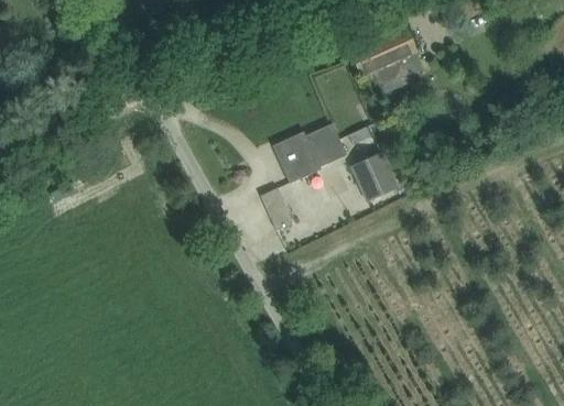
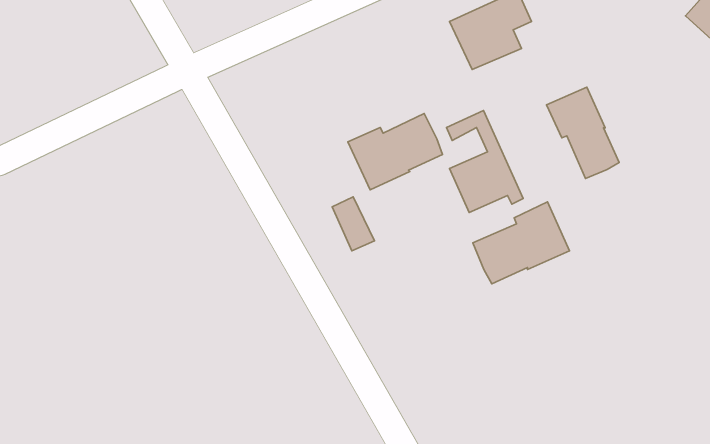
building: none -> [546,87,619,178]
building: none -> [473,202,569,284]

